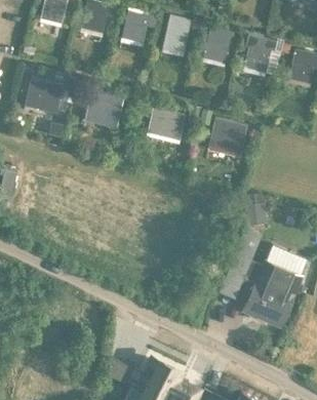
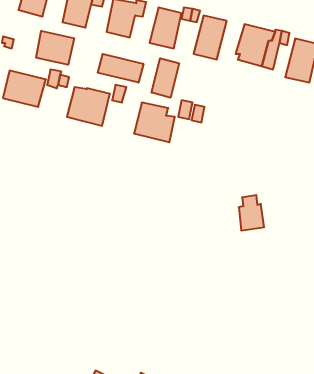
building: none -> [36,31,74,65]
building: none -> [98,54,143,83]
building: none -> [152,58,179,98]
building: [207,117,246,157] -> none
building: [234,244,306,326] -> none

